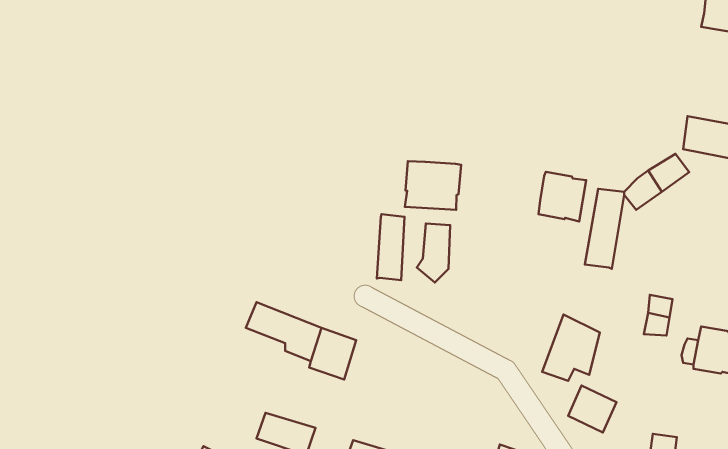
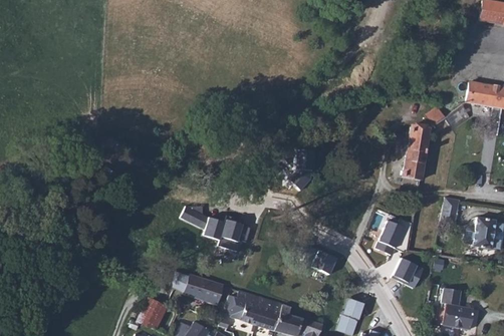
building: [405,161,461,210] -> none
building: [538,172,586,221] -> none
building: [377,214,404,280] -> none
building: none -> [309,251,335,275]

